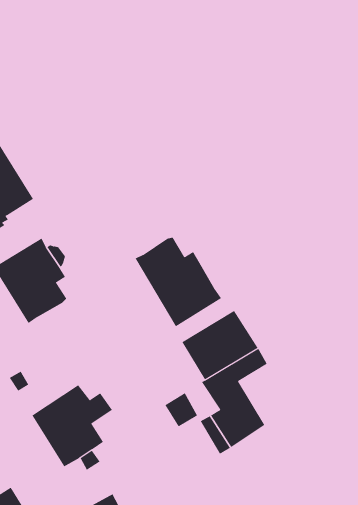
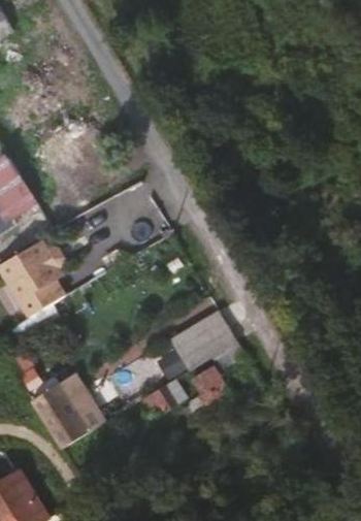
building: [135,237,222,327] -> none

